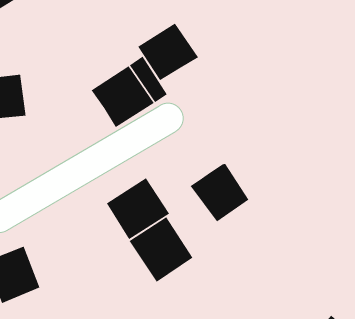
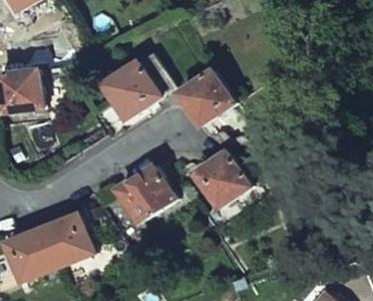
building: [137,23,199,81] -> [177,71,235,125]
building: [129,216,194,283] -> none
building: none -> [41,213,94,267]

